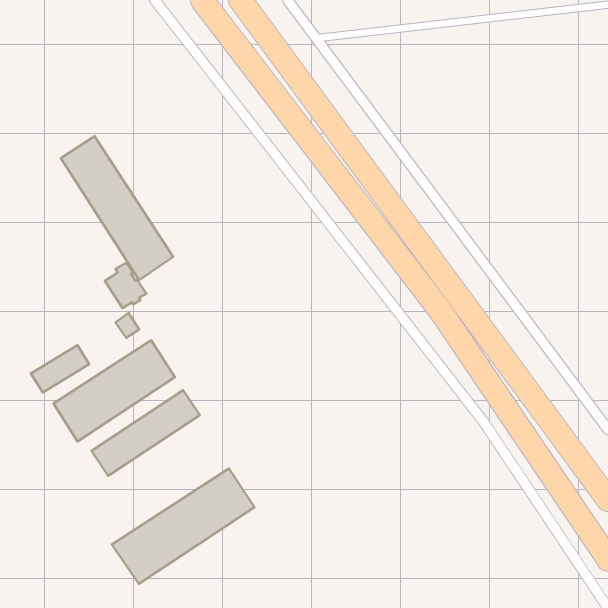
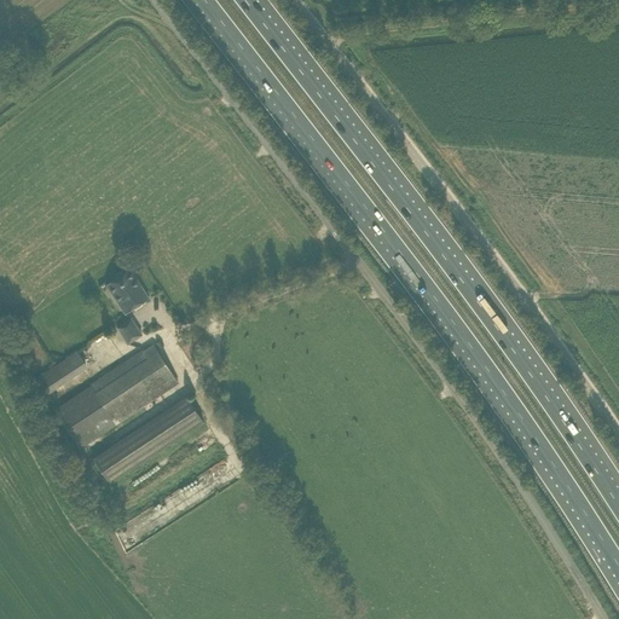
building: [61,136,173,280] -> none
building: [112,469,254,584] -> none

